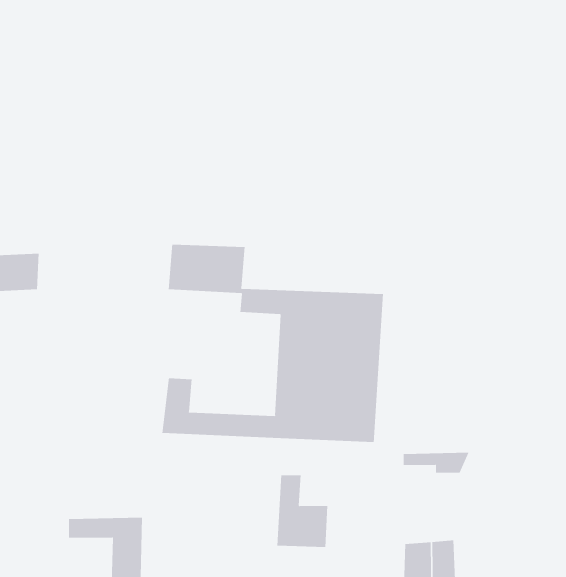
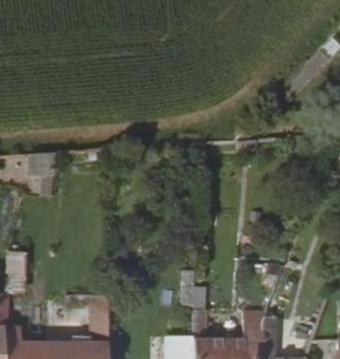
building: [162,244,384,443] -> none

